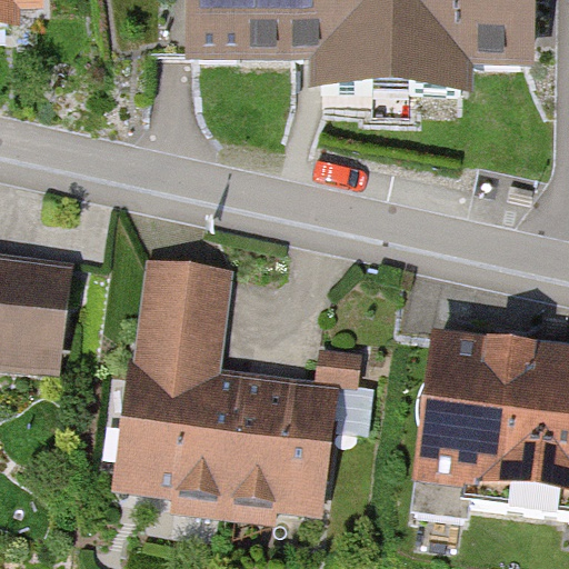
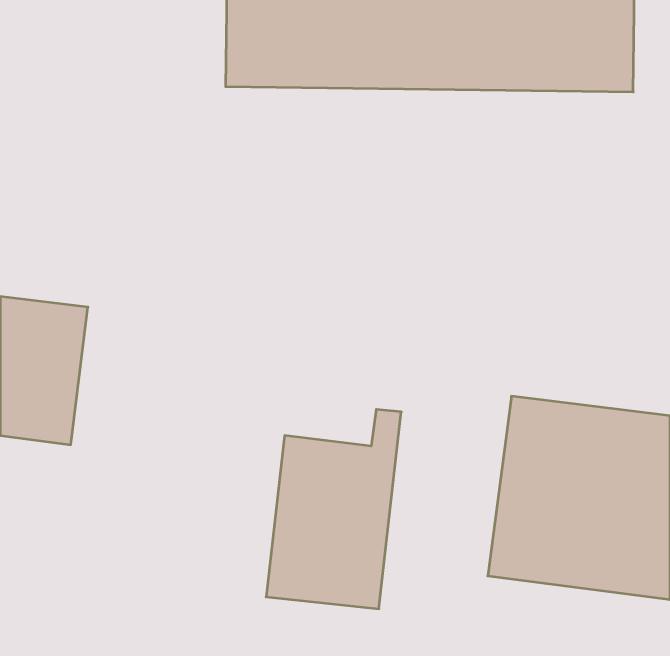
building: [113,261,241,506] -> none

